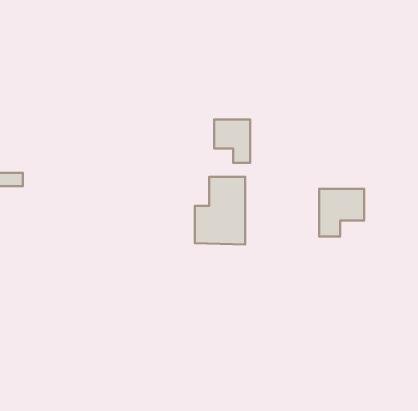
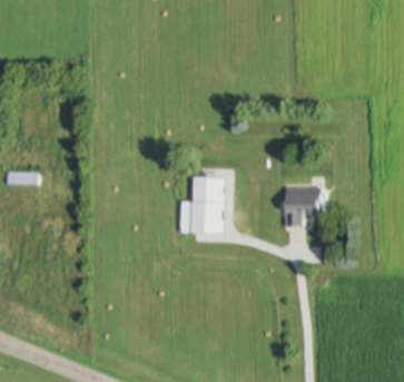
building: [214,119,250,163] -> none

